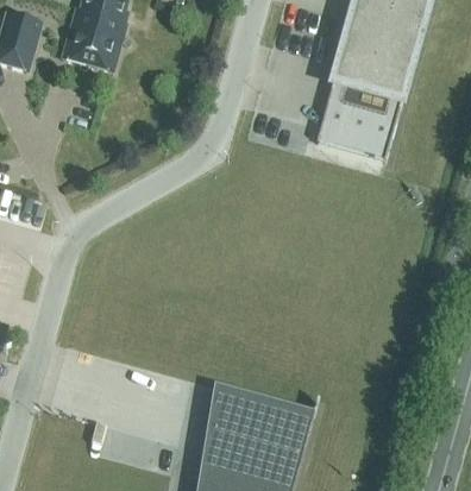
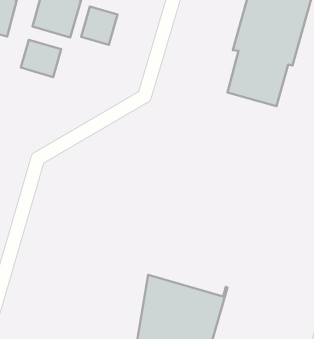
building: none -> [81,6,117,45]
building: none -> [21,40,61,77]

